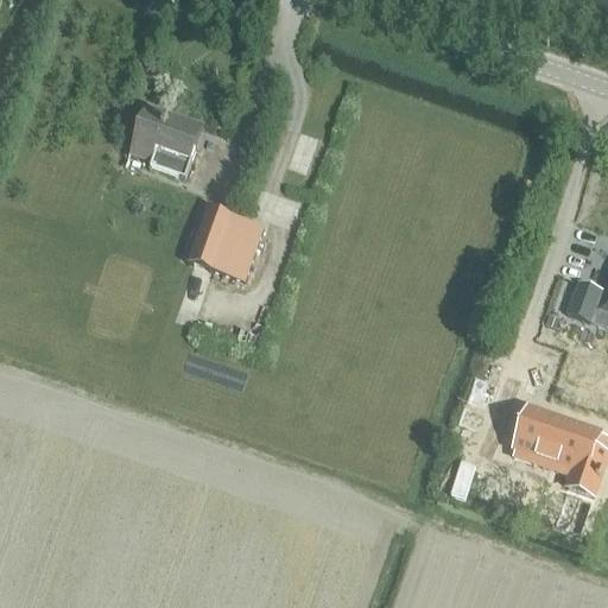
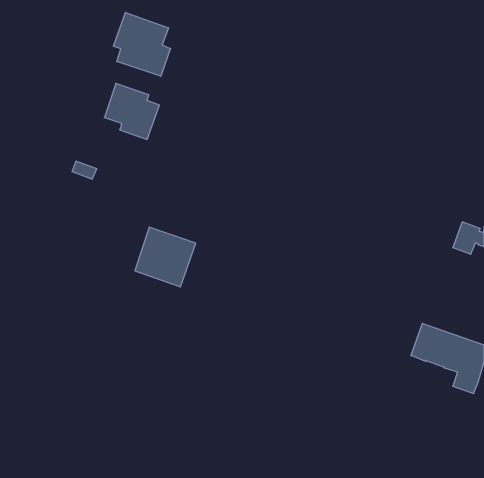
building: none -> [114,12,170,76]
building: [188,204,264,279] -> [135,227,196,287]

